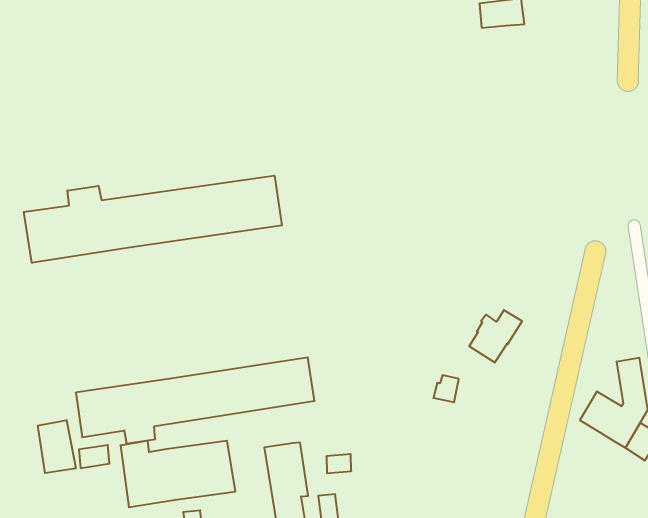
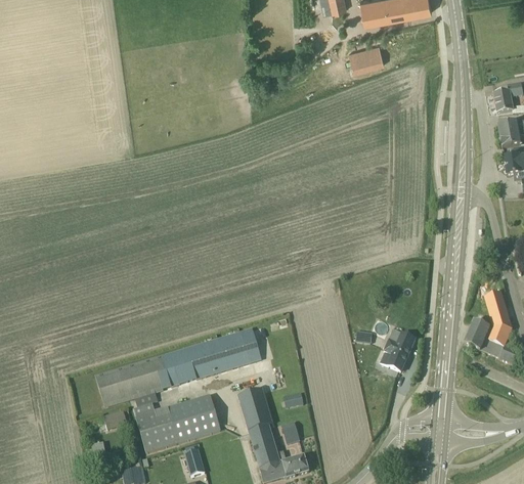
building: [24,176,282,263] -> none
building: [469,310,522,362] -> [380,334,416,372]
building: [38,420,76,473] -> none

